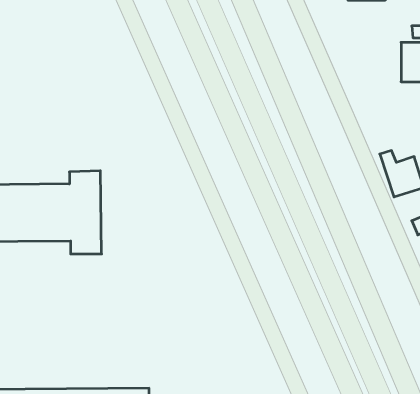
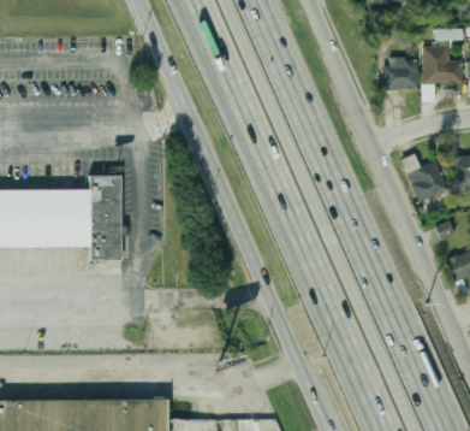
building: none -> [385,59,418,90]

